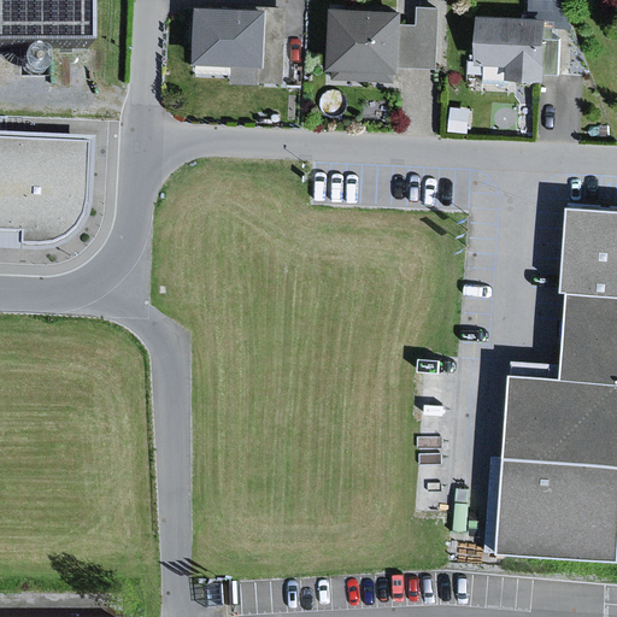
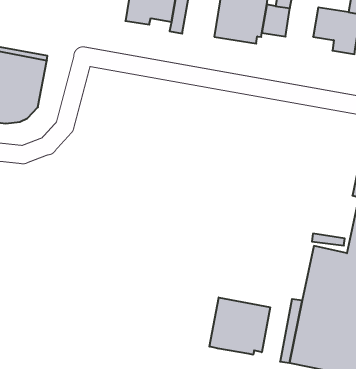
building: none -> [209,297,270,355]

